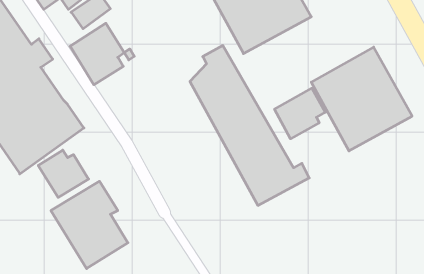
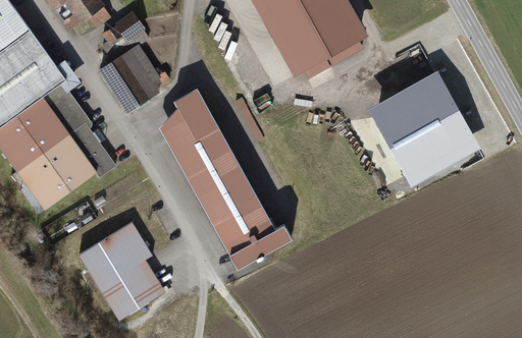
building: [190,46,309,205] -> [161,91,294,268]
building: [275,88,325,139] -> none
building: [38,150,89,197] -> none

